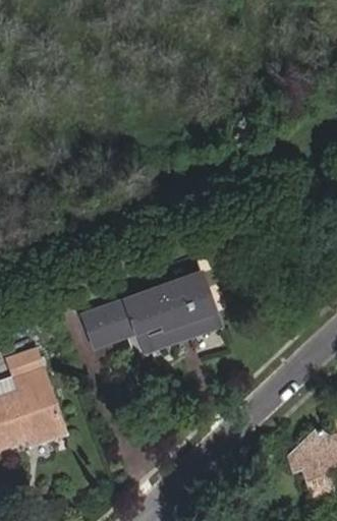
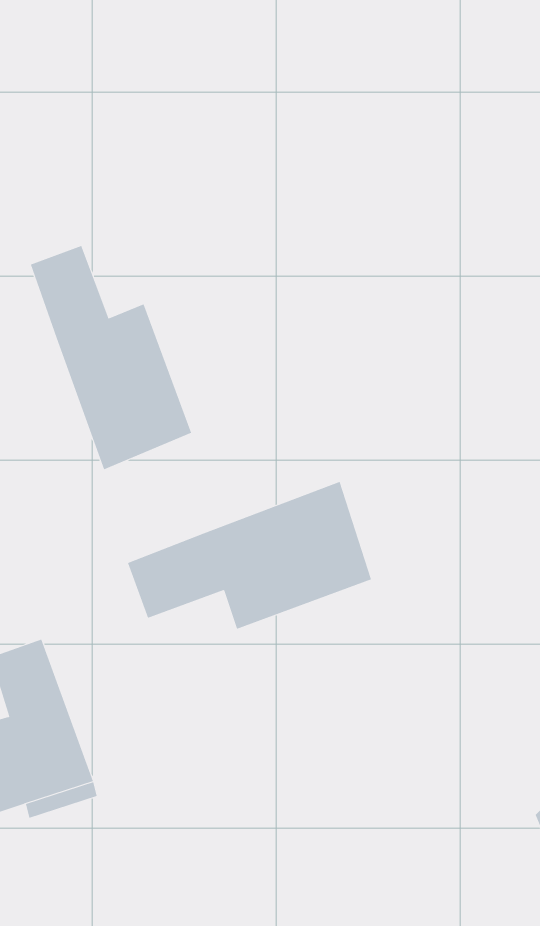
building: none -> [30,245,192,470]

